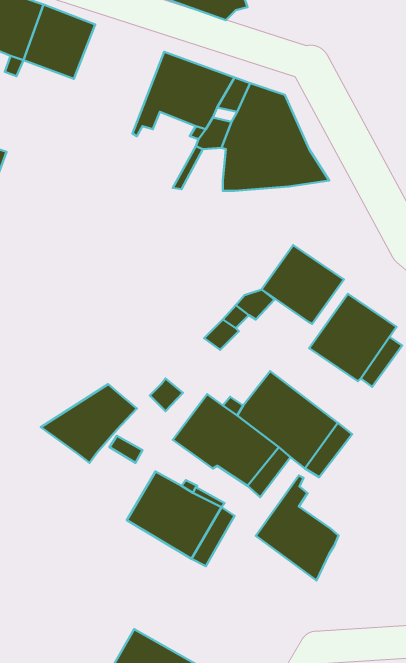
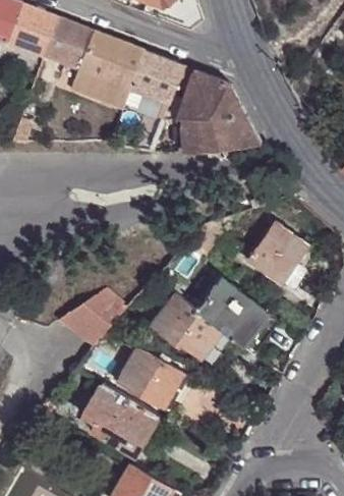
building: none -> [71,31,144,108]
building: [261,245,344,324] -> none
building: [256,476,339,580] -> none
building: none -> [82,383,159,455]

